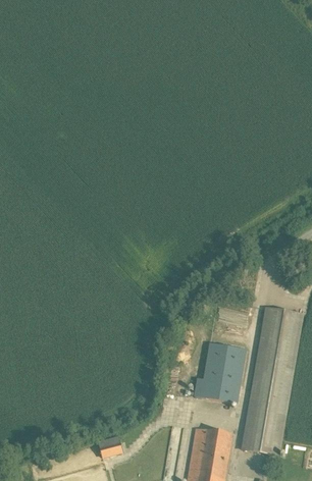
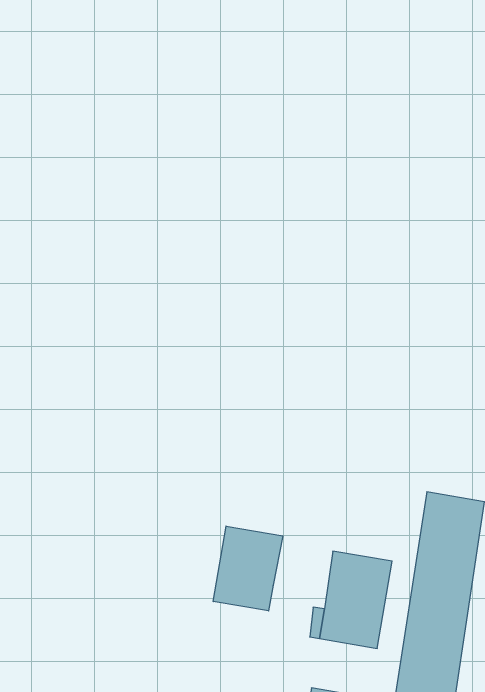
building: none -> [213,526,283,611]

